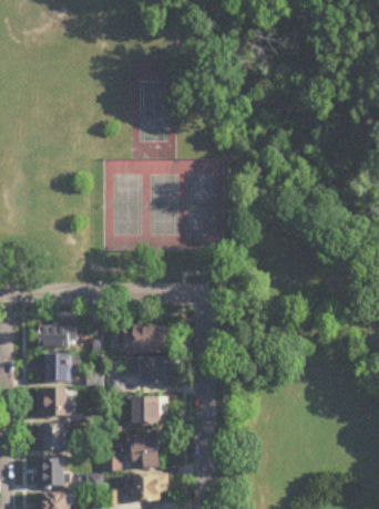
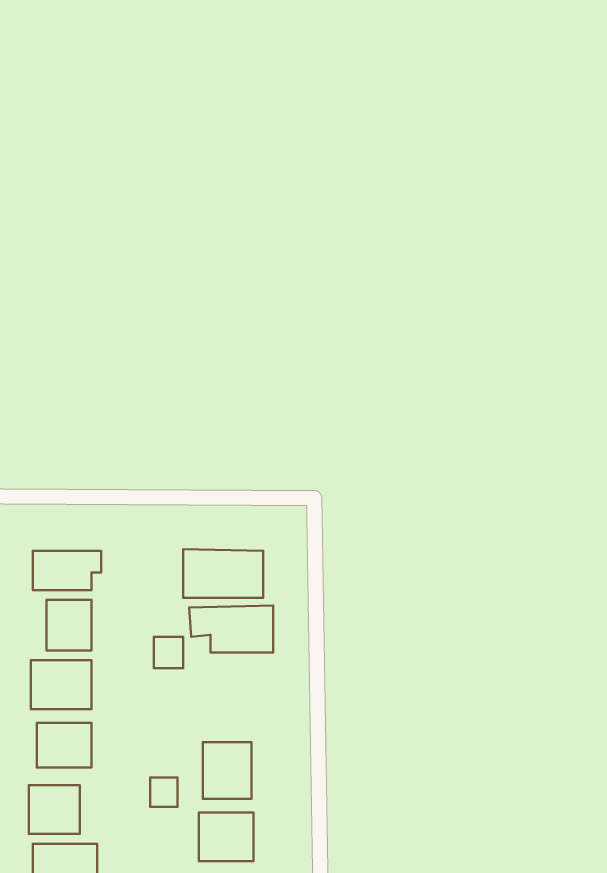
building: [130,396,164,426] -> none

